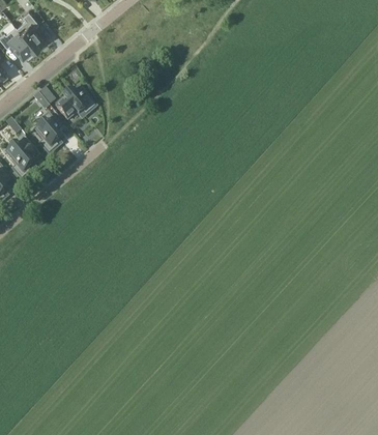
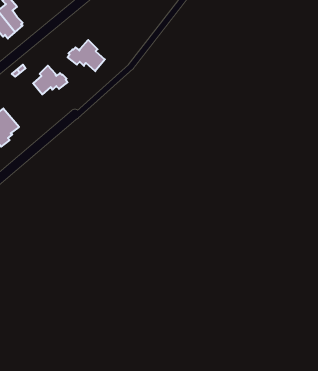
building: none -> [68,40,105,71]
building: [35,115,61,154] -> none

